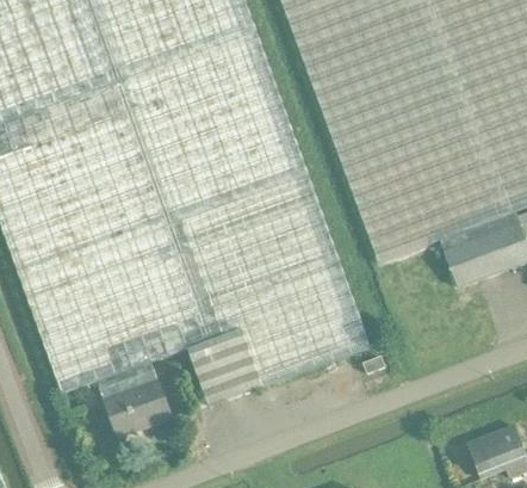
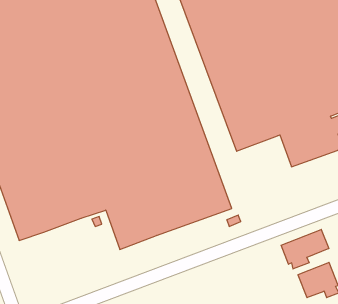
building: [97,360,173,438] -> none
building: none -> [281,229,329,269]

